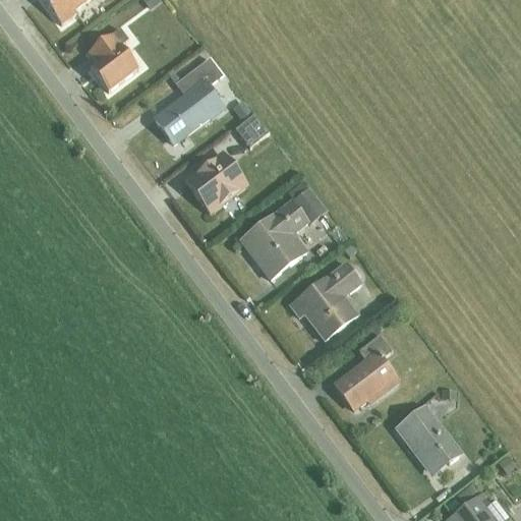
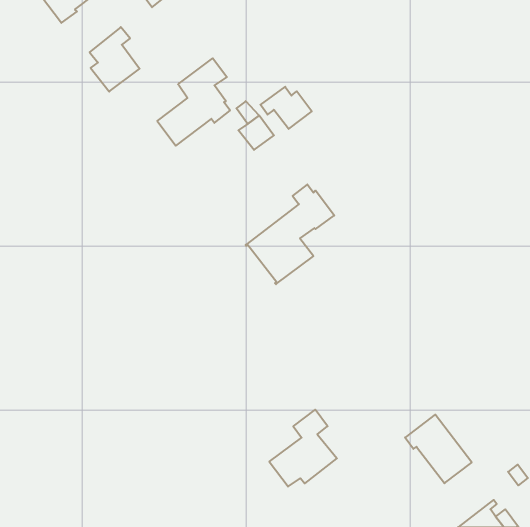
building: none -> [260,87,312,129]
building: [183,151,246,213] -> none
building: [289,260,361,339] -> none
building: [334,333,400,408] -> [269,410,337,487]

